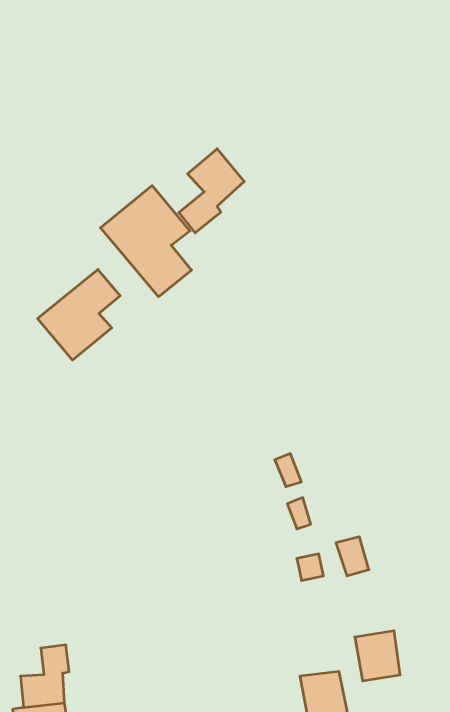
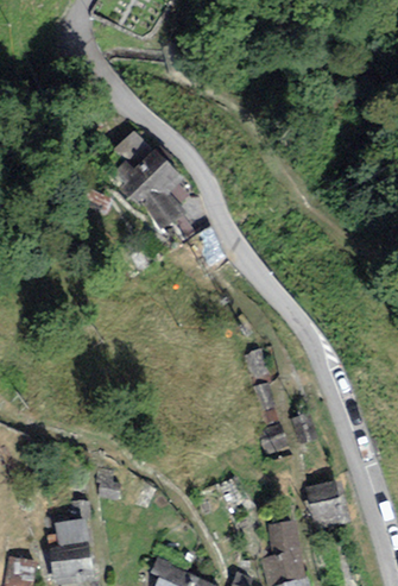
building: [179,149,244,233] -> none
building: [38,269,120,360] -> none

